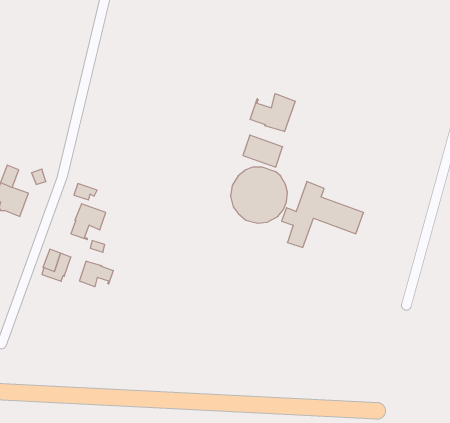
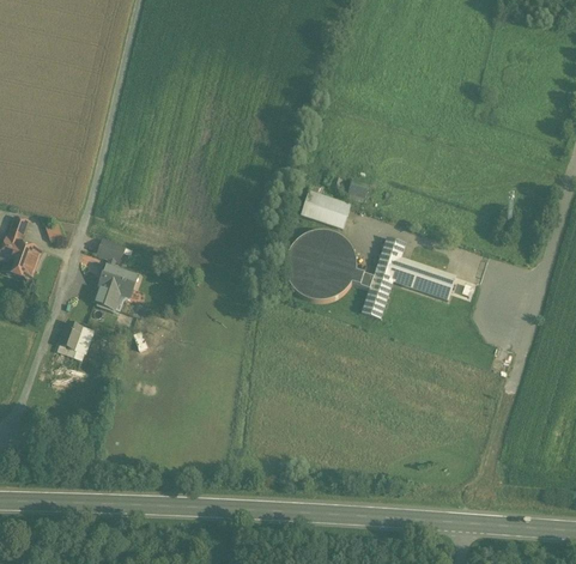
building: [250,94,295,132] -> none
building: [79,261,113,287] -> none

